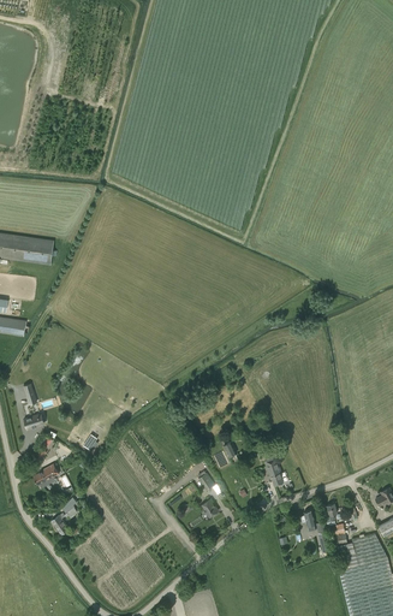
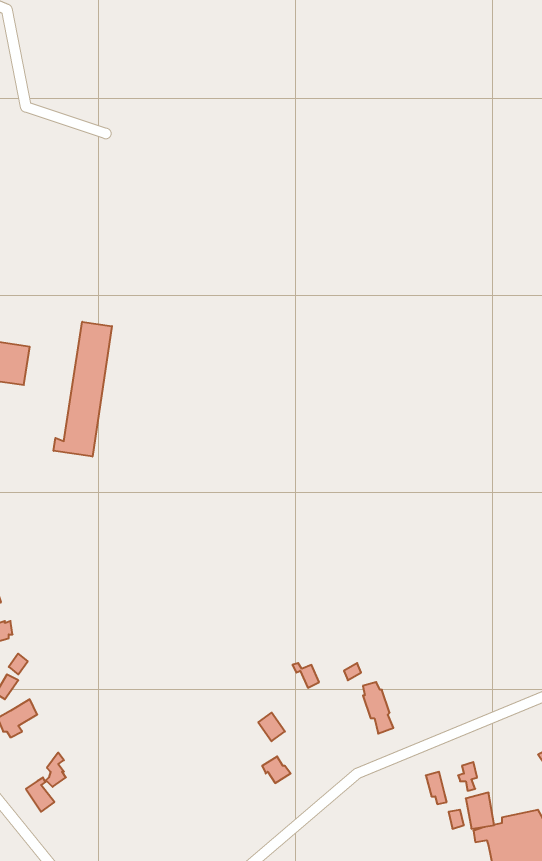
building: none -> [54,322,112,457]

